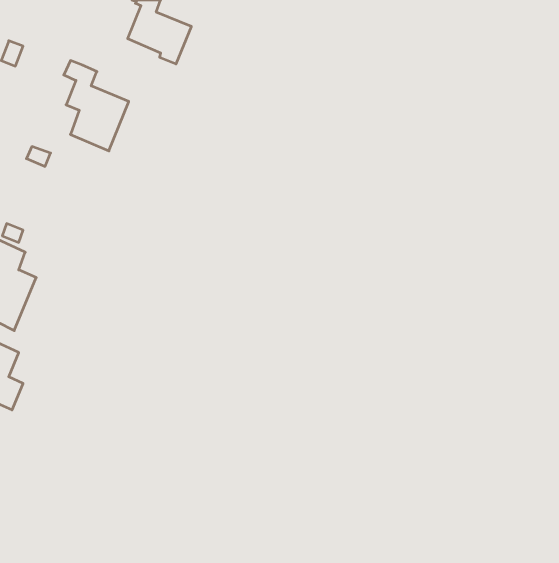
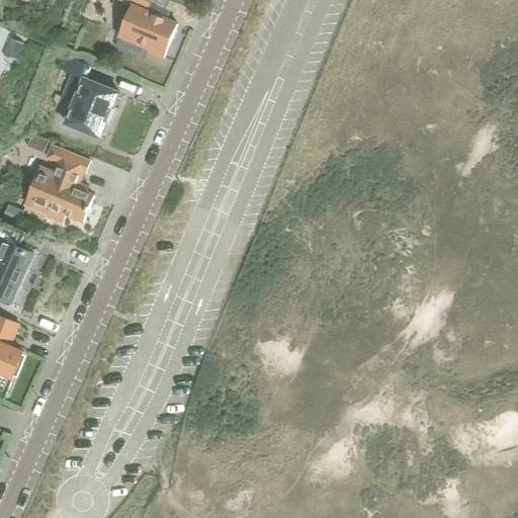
building: none -> [22,145,93,224]

